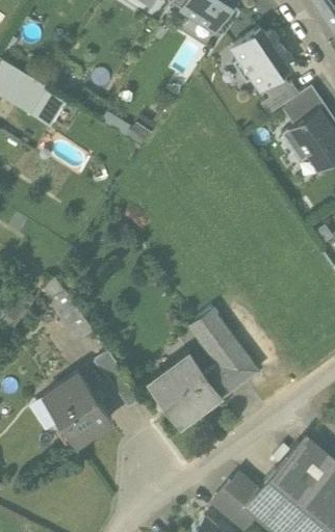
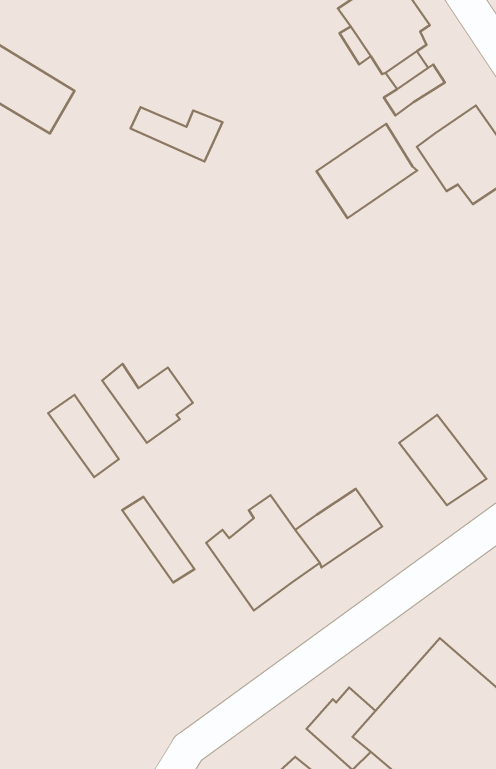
building: [280,87,319,125] -> none
building: none -> [316,124,417,218]
building: none -> [102,364,193,443]
building: [188,309,243,366] -> [399,415,486,505]
building: [43,373,111,446] -> none

